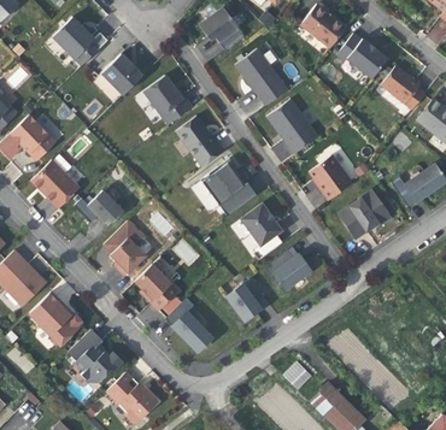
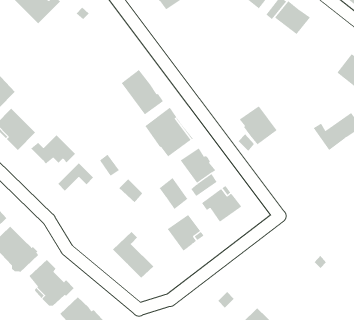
building: [235,48,288,106] -> none
building: [102,54,142,94] -> none
building: [381,65,426,108] -> none
building: [143,75,193,124] -> none
building: [268,99,318,153] -> none
building: [338,189,392,238] -> none
building: none -> [159,177,188,210]
building: [111,237,145,275] -> none
building: [135,264,178,310] -> none

